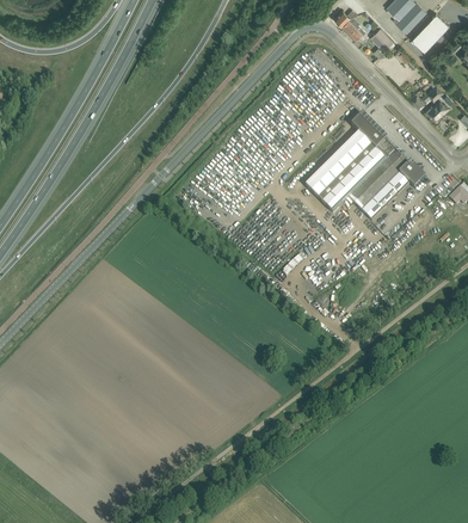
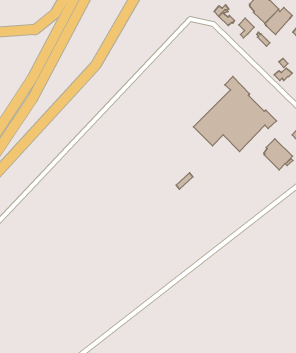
building: none -> [264,139,292,170]

